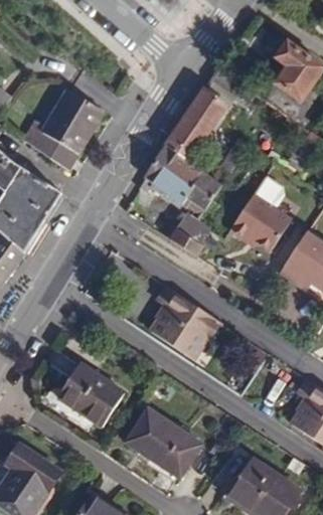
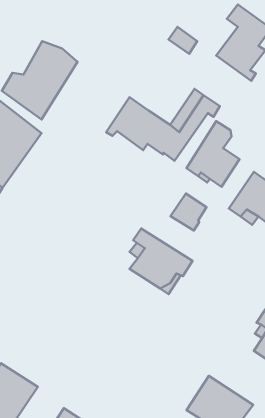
building: [165,91,225,162] -> none
building: [168,213,208,254] -> [170,194,206,230]
building: [58,363,125,426] -> none
building: [125,407,204,479] -> none

